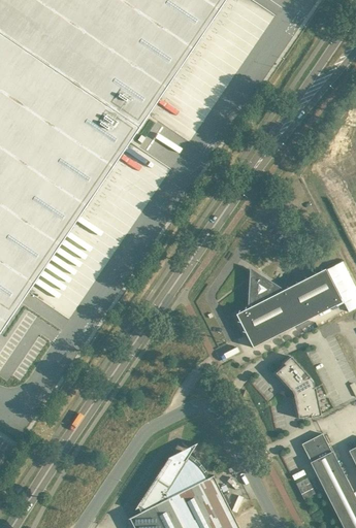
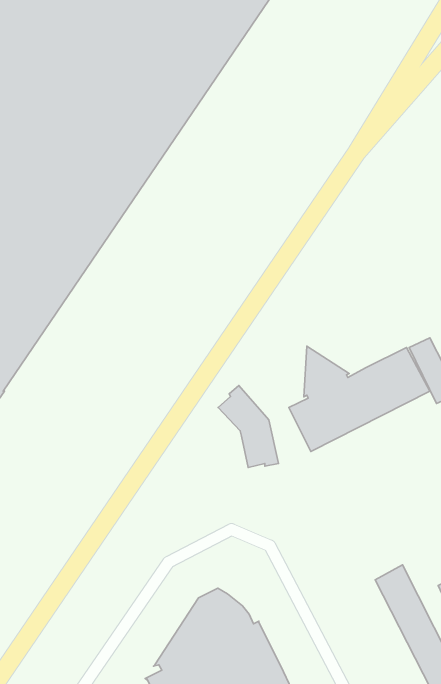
building: [274,356,320,418] -> [218,386,278,468]

